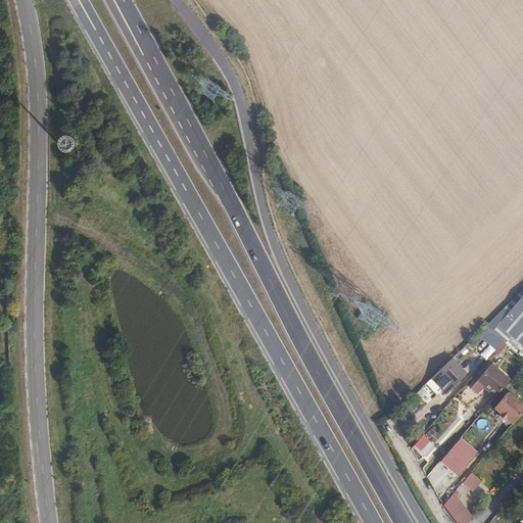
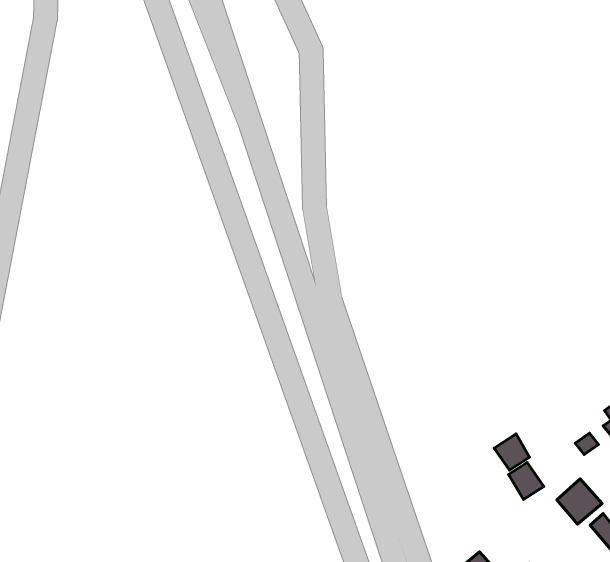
building: none -> [494,434,530,470]

